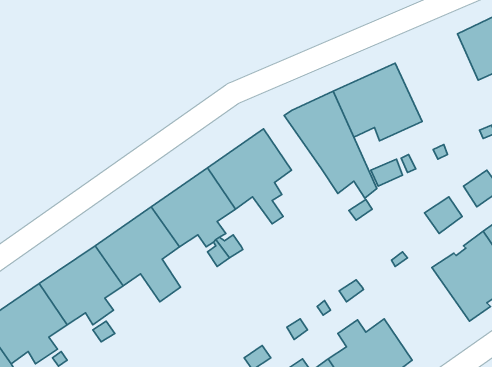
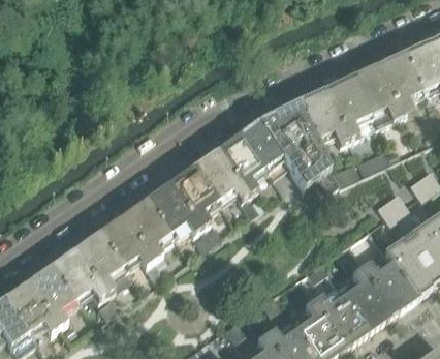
building: none -> [353,51,423,125]
building: none -> [242,120,290,177]
building: none -> [344,249,416,328]

